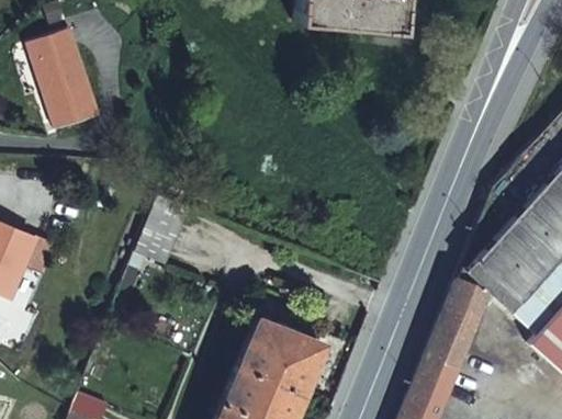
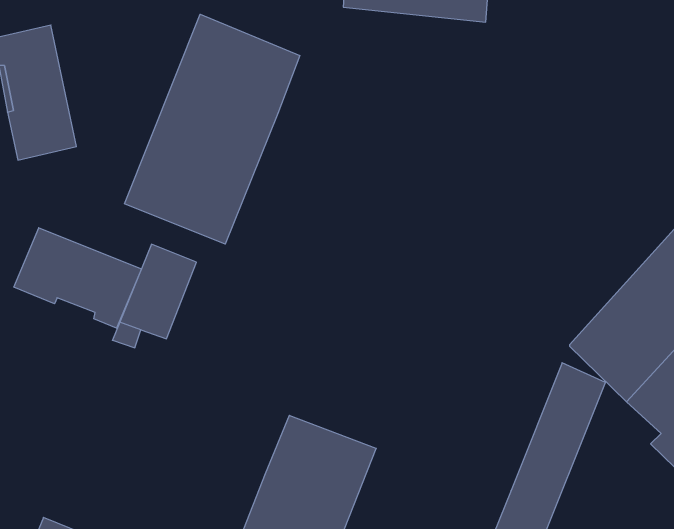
building: none -> [124,14,300,244]
building: none -> [14,228,141,328]

